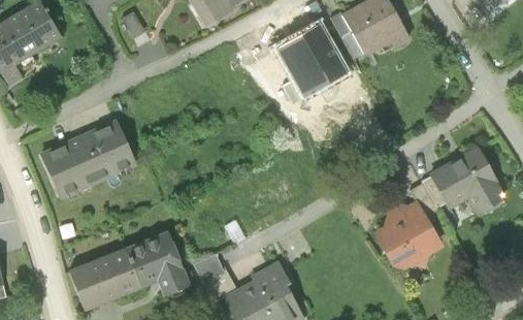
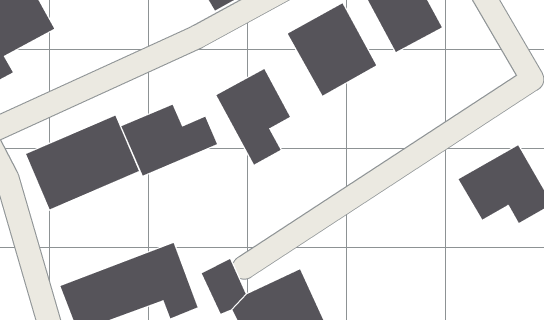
building: none -> [216,68,291,166]
building: none -> [121,104,218,176]
building: [366,196,445,277] -> none

